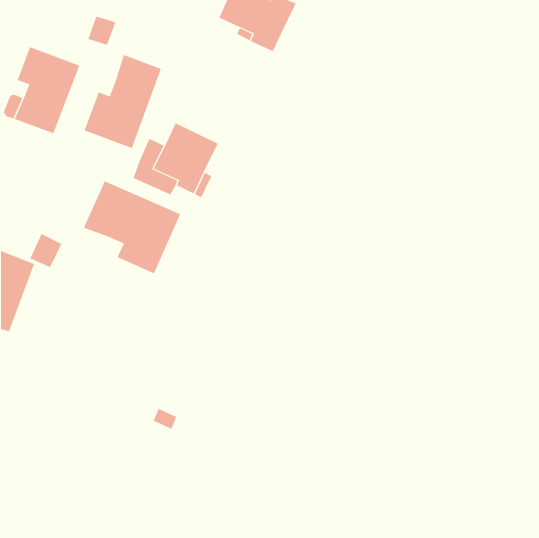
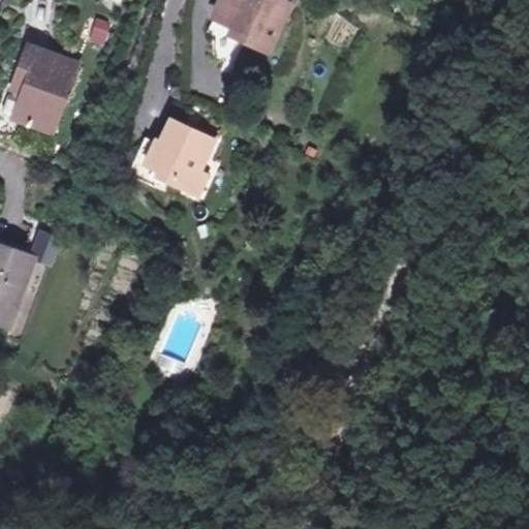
building: [84,54,162,149] -> none
building: [83,181,181,274] -> none

